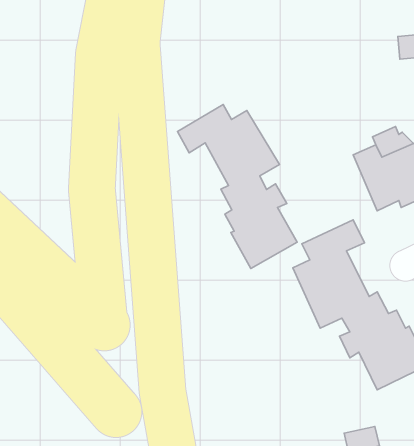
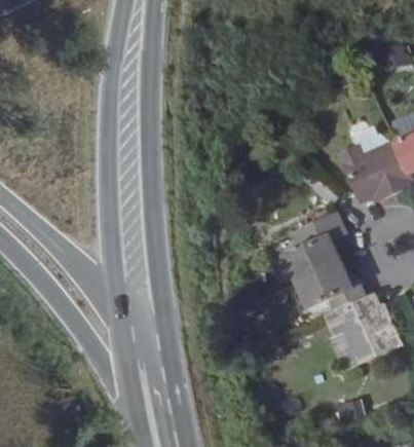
building: [178,105,297,269] -> none

